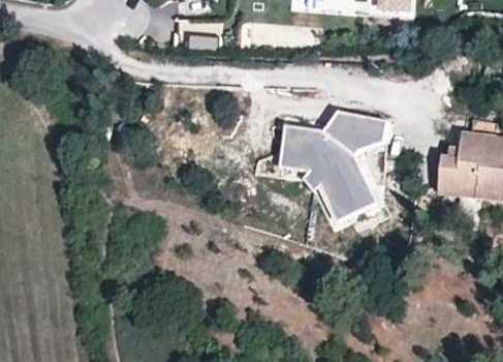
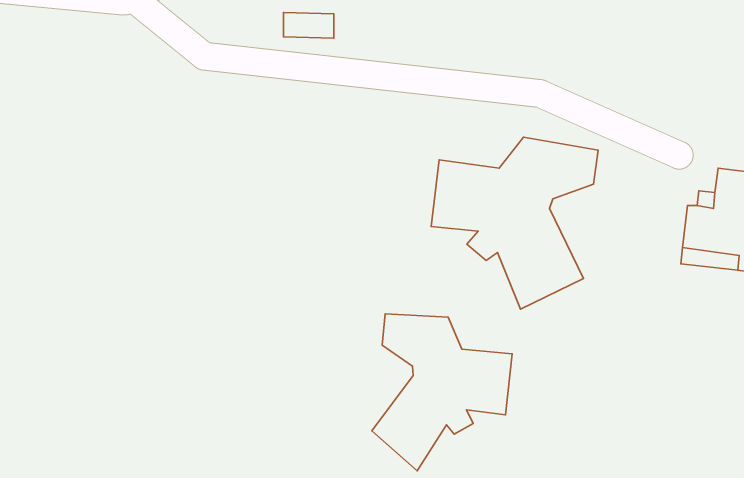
building: none -> [372,314,512,471]

